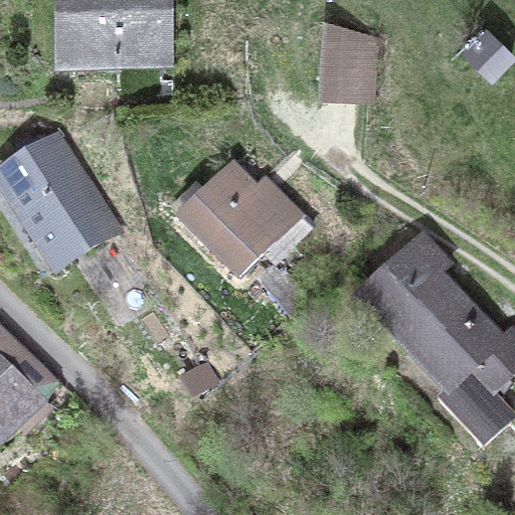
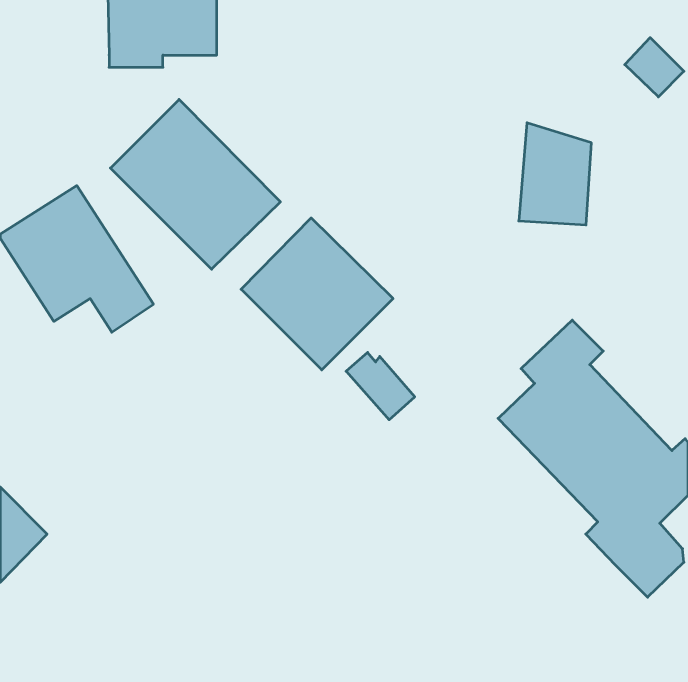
building: [321,20,375,97] -> [519,123,591,225]
building: none -> [110,99,280,269]

